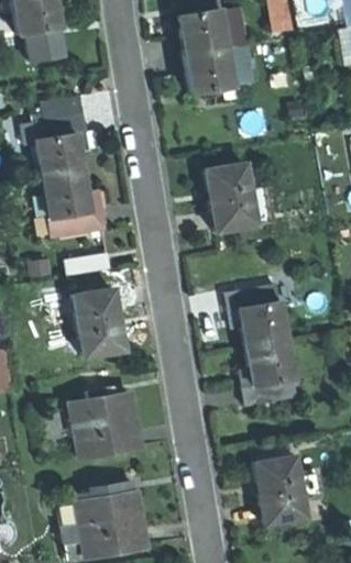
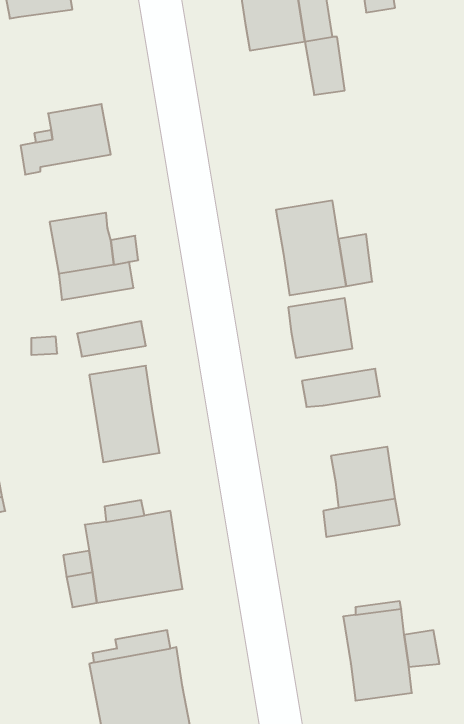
building: [22,29,65,63] -> none
building: [188,52,234,97] -> none
building: [37,132,98,181] -> none
building: [241,307,287,350] -> [288,298,352,358]

